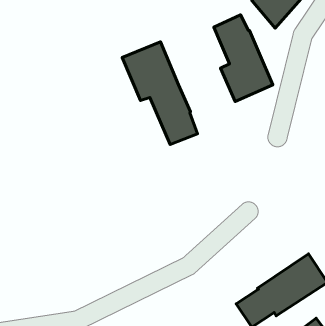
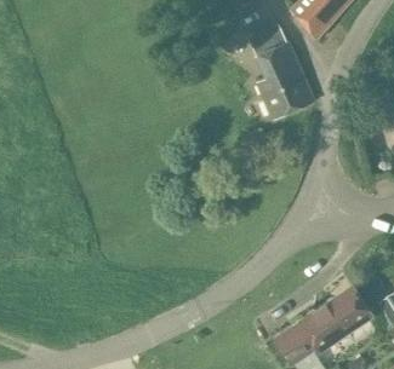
building: [122,42,198,144] -> none

